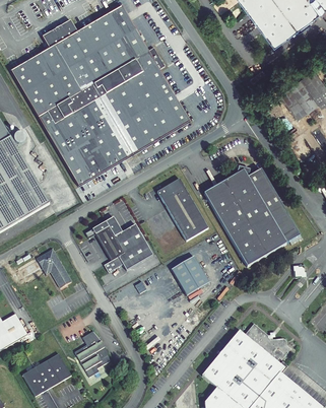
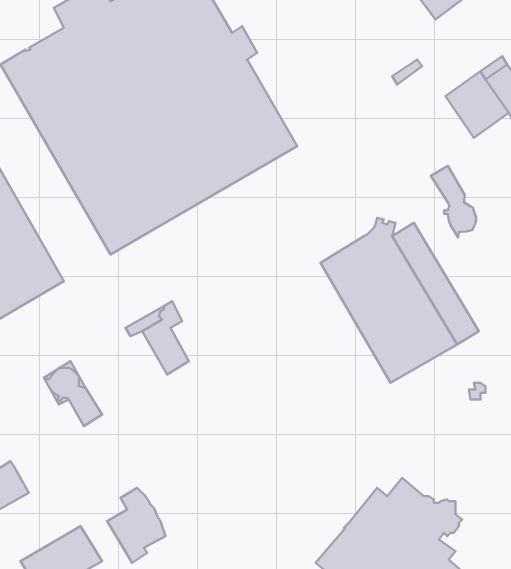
building: none -> [431,166,476,238]
building: [156,179,208,241] -> none
building: [104,224,153,273] -> none
building: [175,255,213,295] -> none

